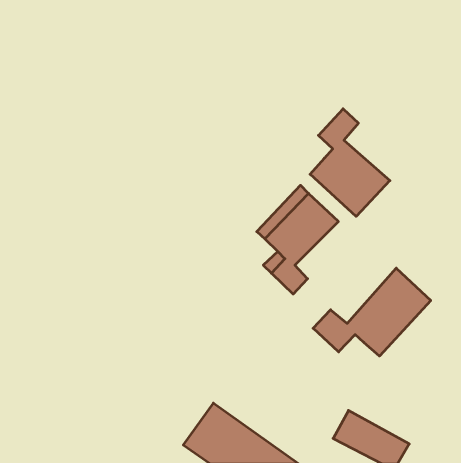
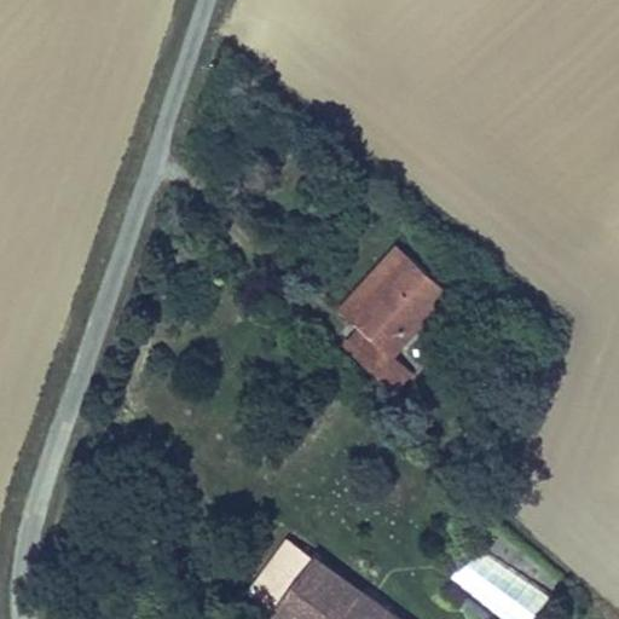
building: [310,109,390,216] -> none
building: [313,268,431,356] -> none

